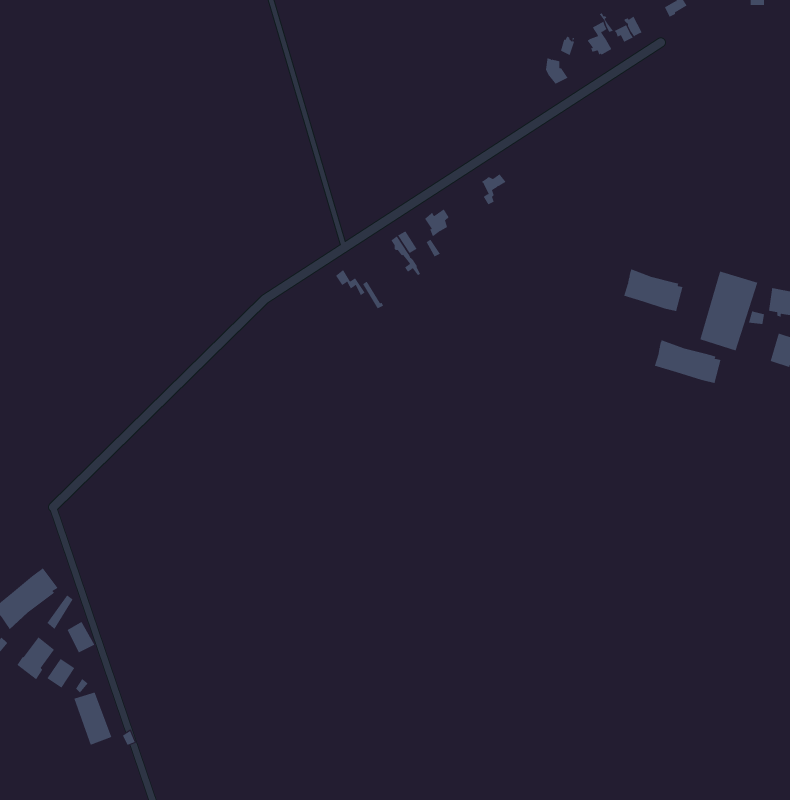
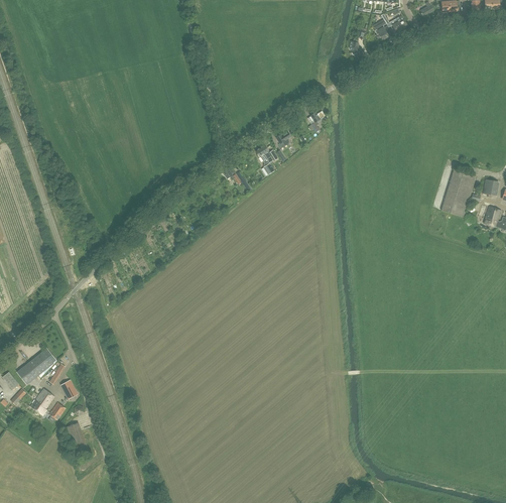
building: [623,269,683,312] -> none
building: [654,339,721,384] -> none

